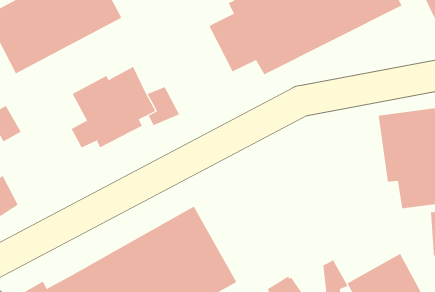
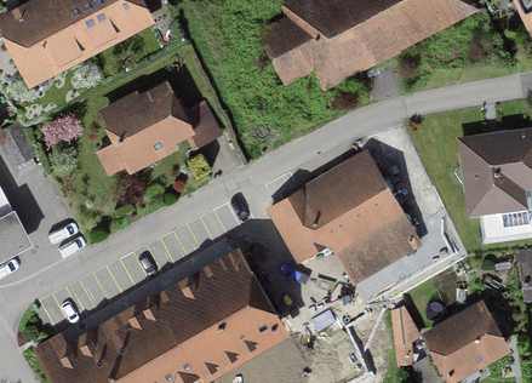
building: none -> [265,149,424,302]

